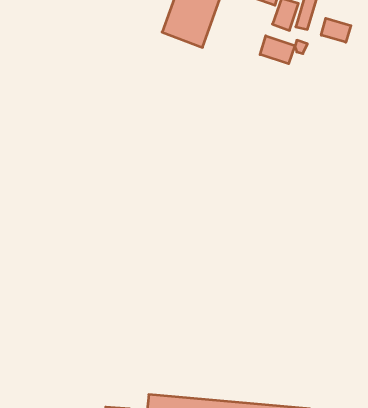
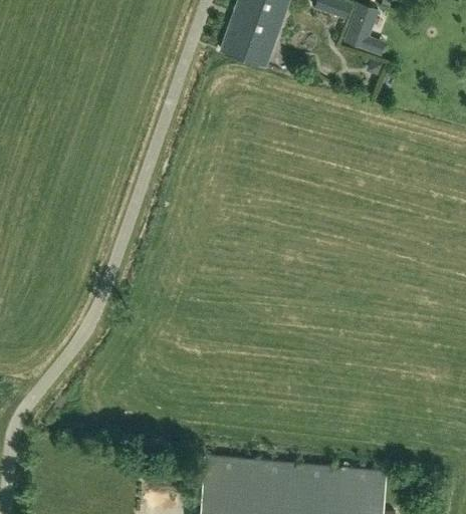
building: [321,18,351,42] -> none
building: [260,36,295,64] -> none

